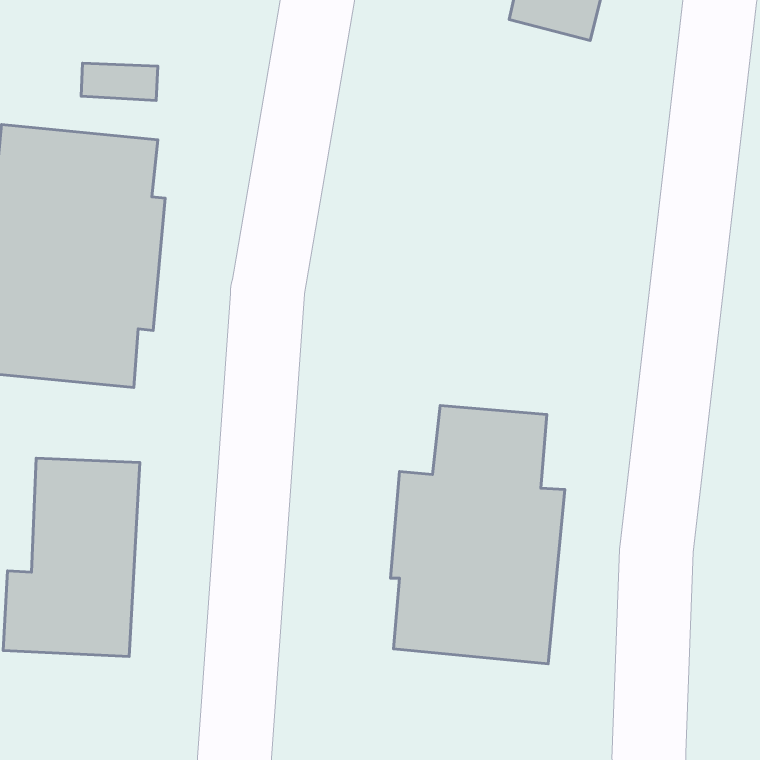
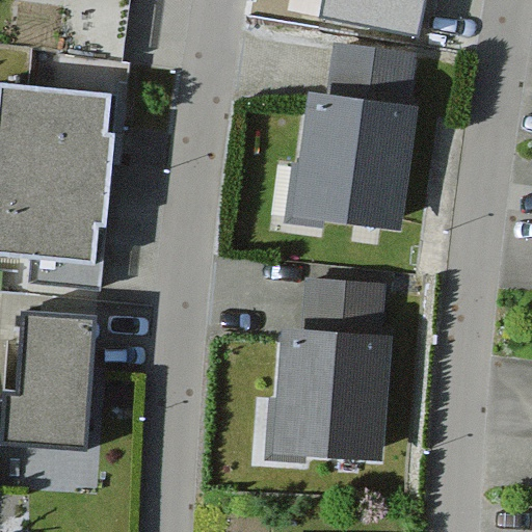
building: none -> [290,38,416,228]

